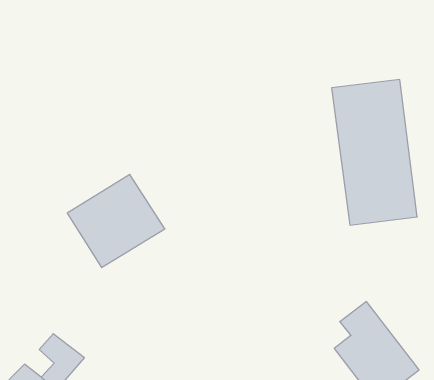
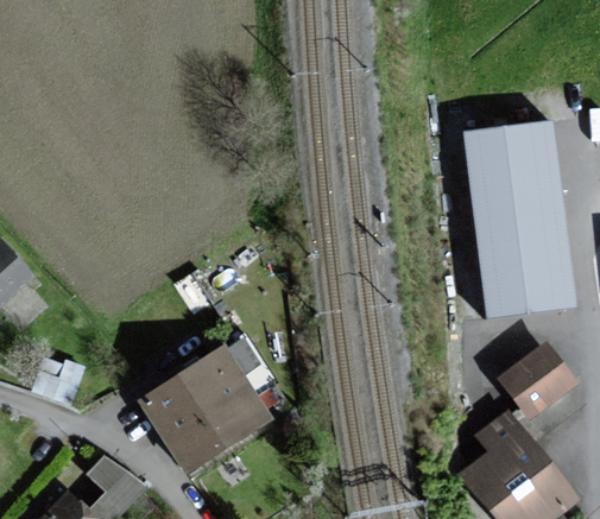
building: [67,174,165,267] -> [141,348,267,468]
building: none -> [500,344,581,425]

